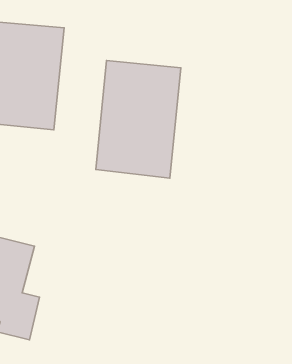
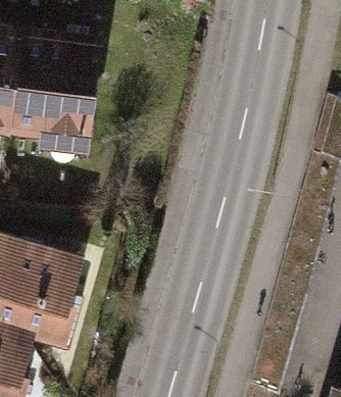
building: [96,61,181,178] -> none

